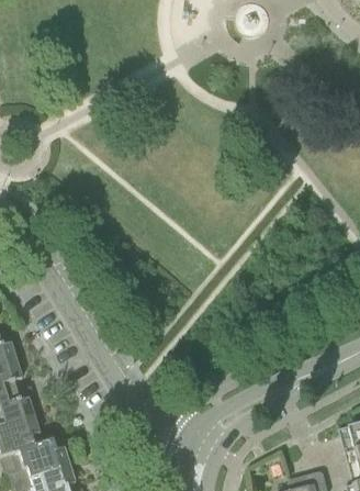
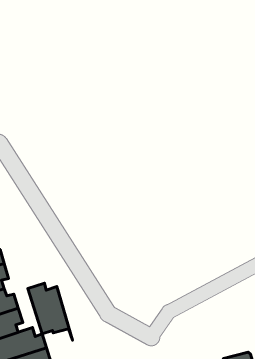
building: none -> [28,283,72,340]

